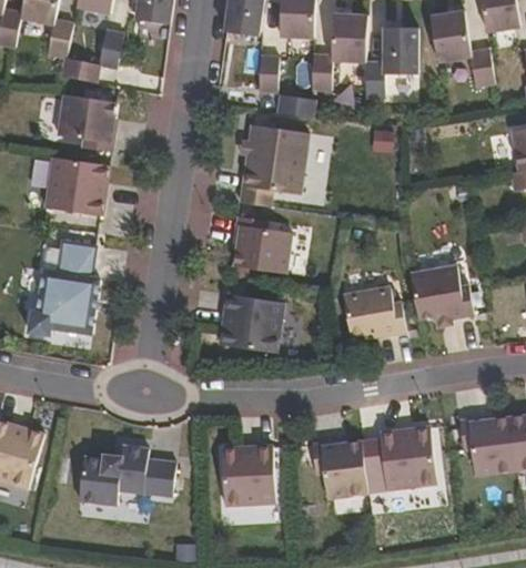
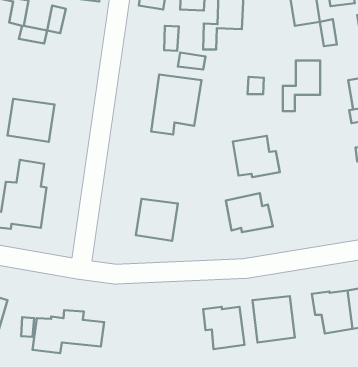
building: [365,28,416,97] -> [283,61,320,111]
building: [57,94,115,152] -> none
building: [234,216,292,274] -> none
building: [409,264,474,321] -> [233,136,280,177]
building: [222,446,275,506] -> none

